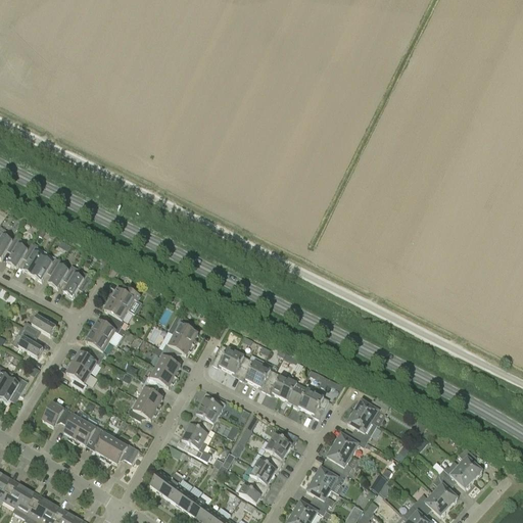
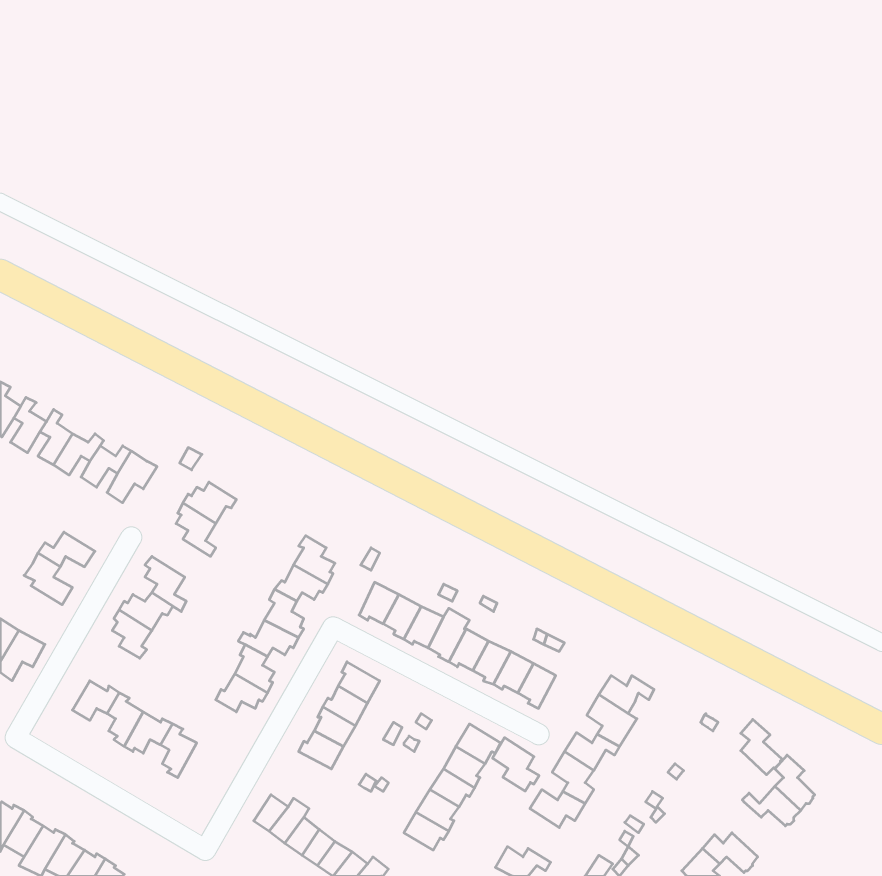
building: [90,319,125,341] -> none
building: [105,439,139,464] -> none
building: [433,474,458,507] -> [741,719,782,775]
building: [306,478,334,510] -> [493,738,539,791]

